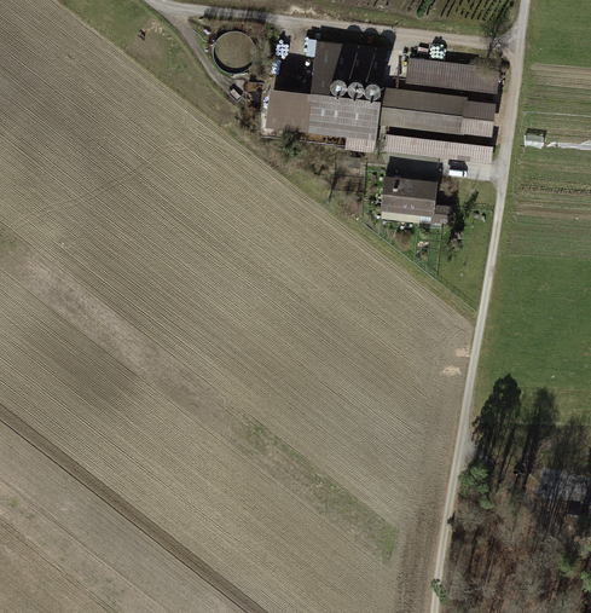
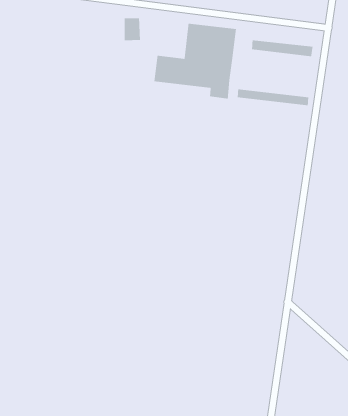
building: [376,88,488,133] -> none
building: [381,179,450,224] -> none

